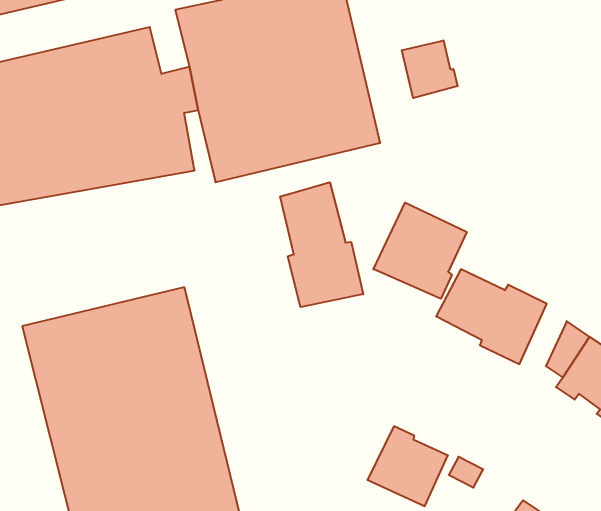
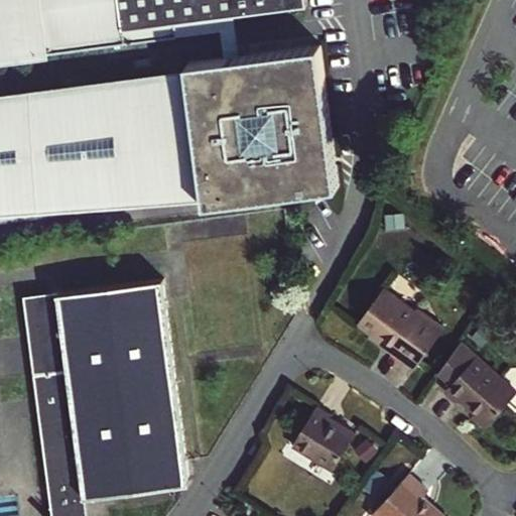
building: [402,40,458,98] -> none
building: [280,182,363,307] -> none
building: [373,203,467,299] -> none

